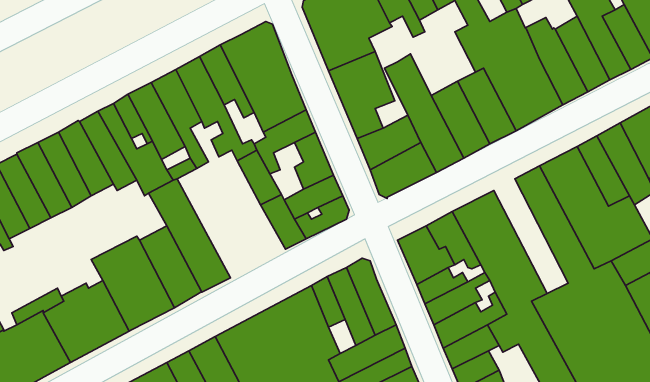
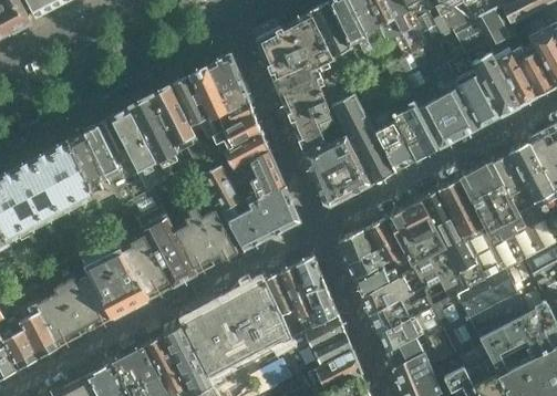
building: none -> [421,190,484,288]
building: none -> [176,210,238,274]

